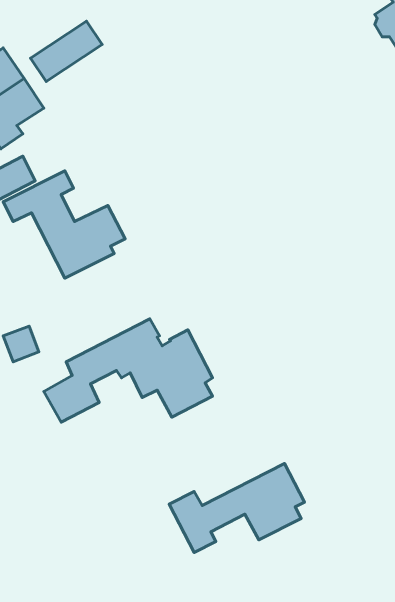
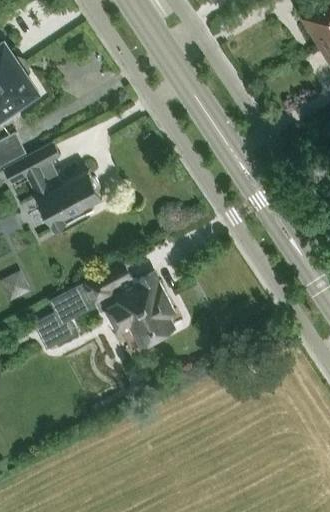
building: [30,21,102,82] -> none
building: [169,463,304,553] -> none

